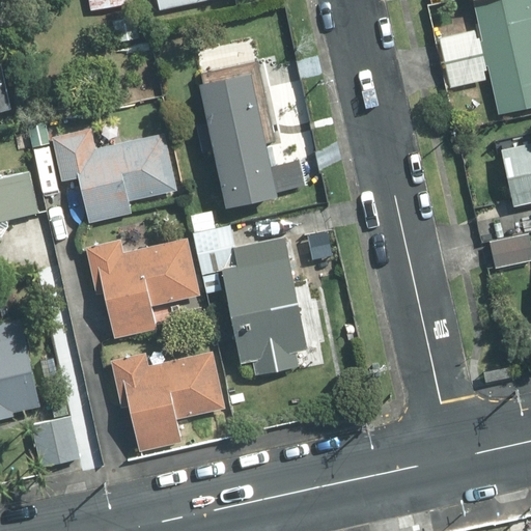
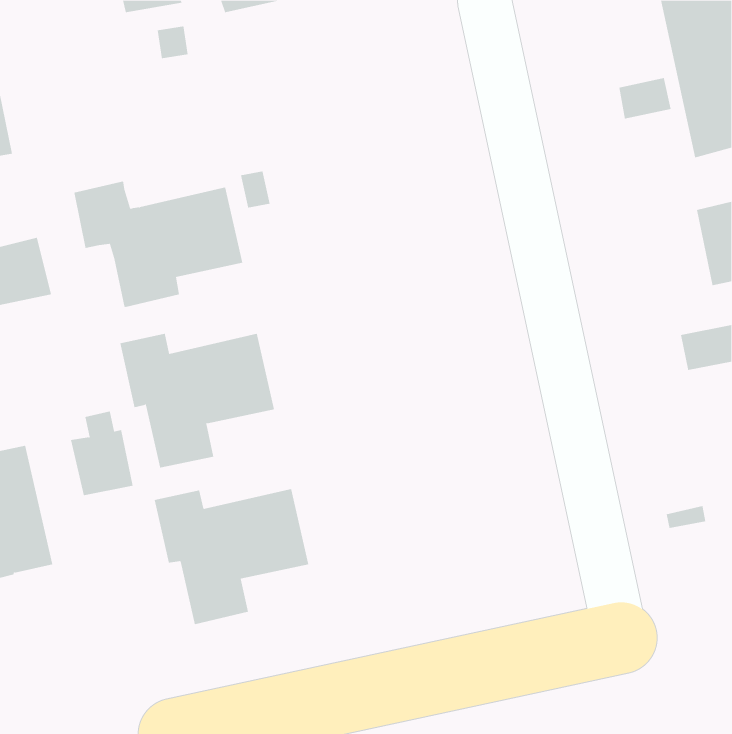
building: [201,76,305,207] -> none
building: [193,226,306,374] -> none
building: [32,404,78,466] -> [70,411,133,496]

